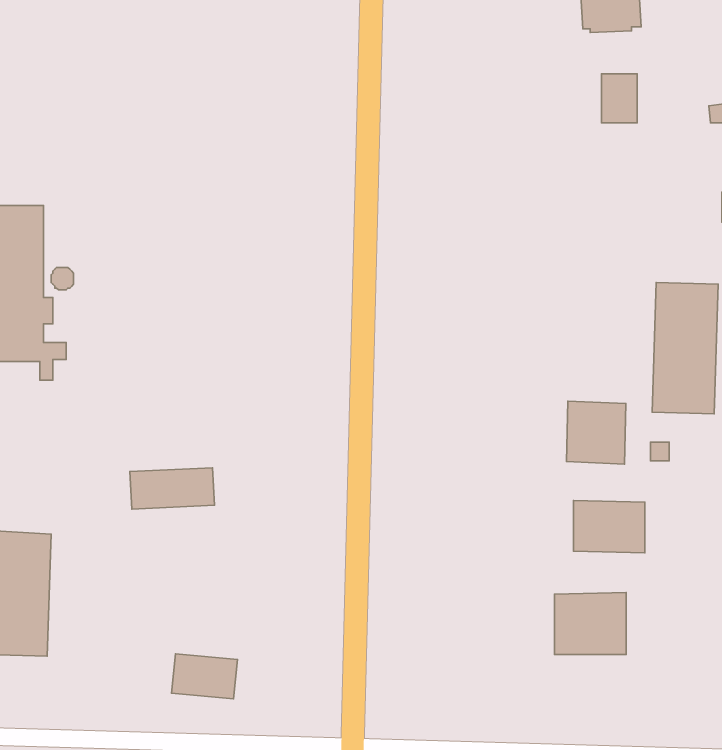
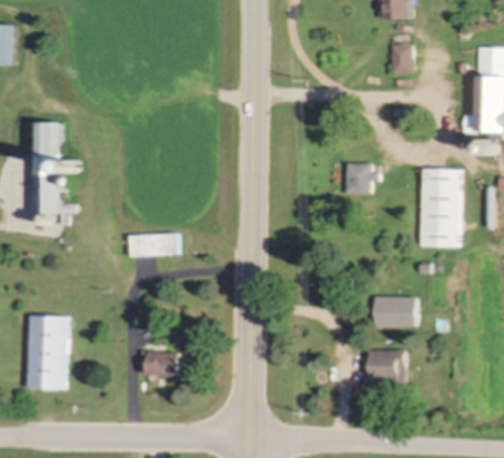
building: none -> [346,163,380,194]
building: [566,401,626,464] -> none
building: [130,468,214,509] -> [129,232,179,256]
building: [172,654,237,699] -> [140,350,179,377]

